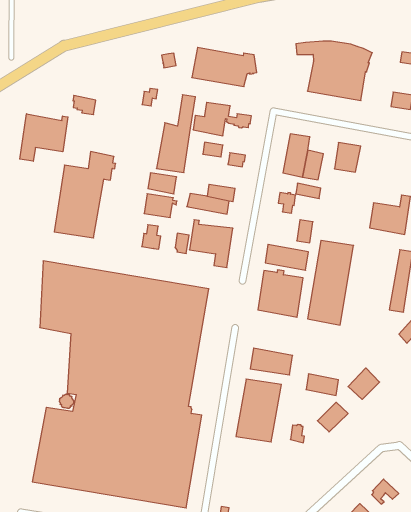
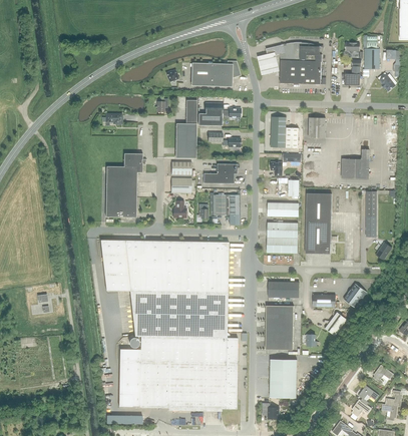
building: [20,114,68,161] -> none
building: none -> [269,359,296,397]

